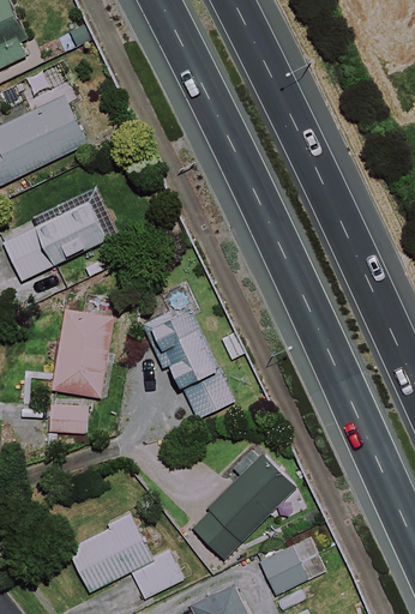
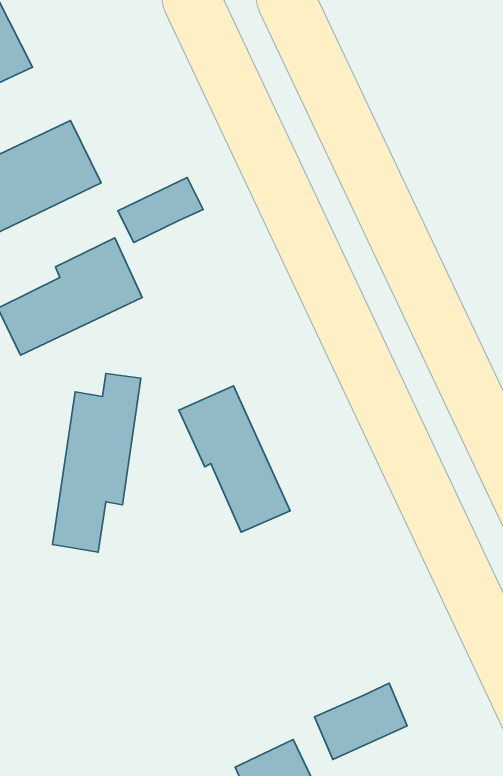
building: none -> [118,178,203,242]
building: [191,453,296,559] -> none
building: [67,517,182,600] -> none

